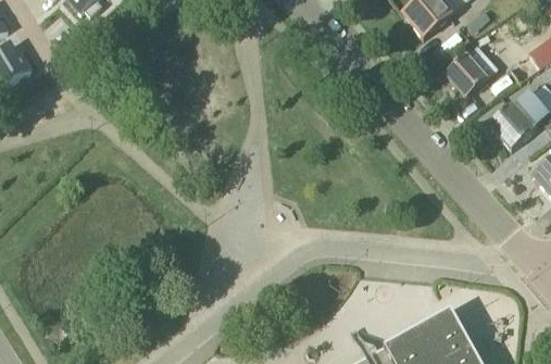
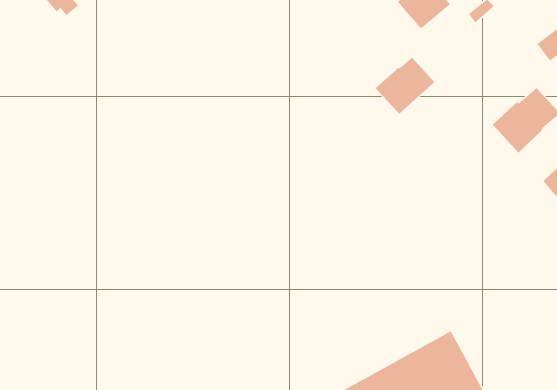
building: [444,42,499,95] -> [375,57,435,115]

